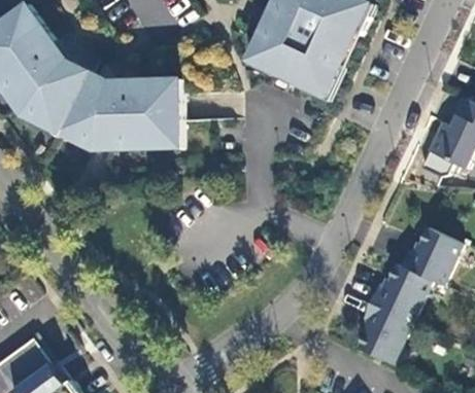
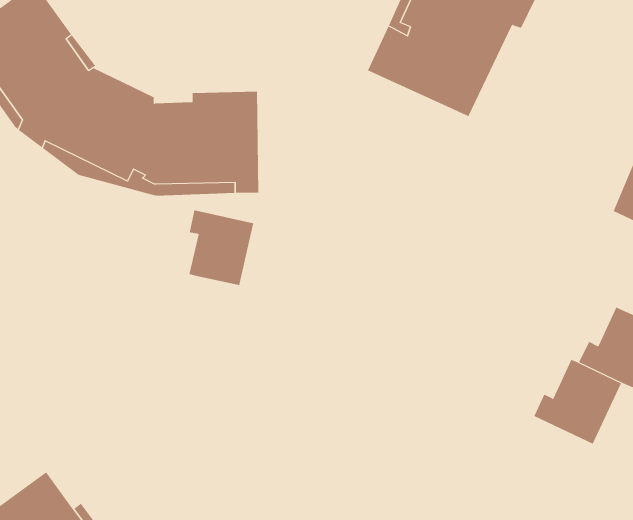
building: none -> [189,210,254,286]
building: [355,301,410,363] -> none

